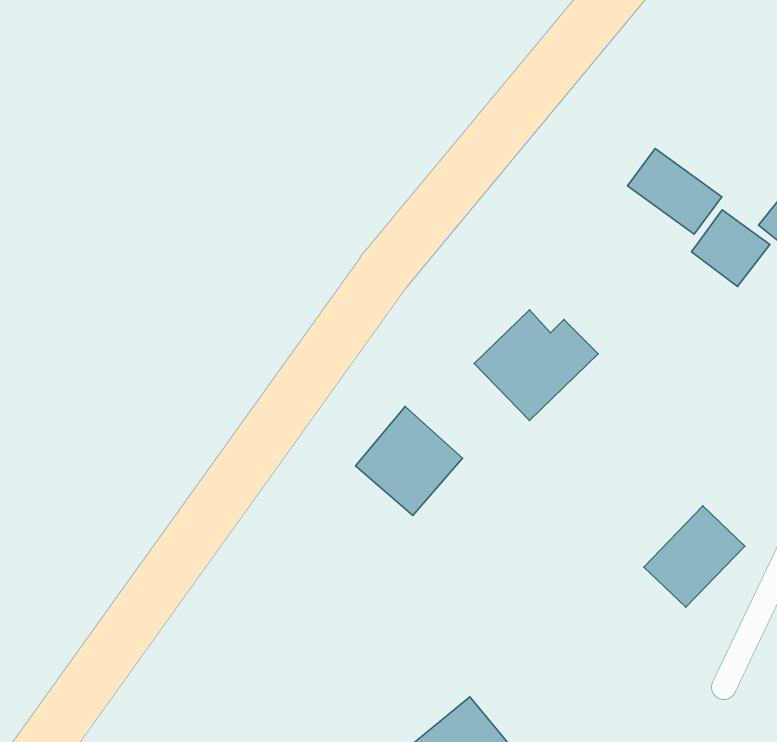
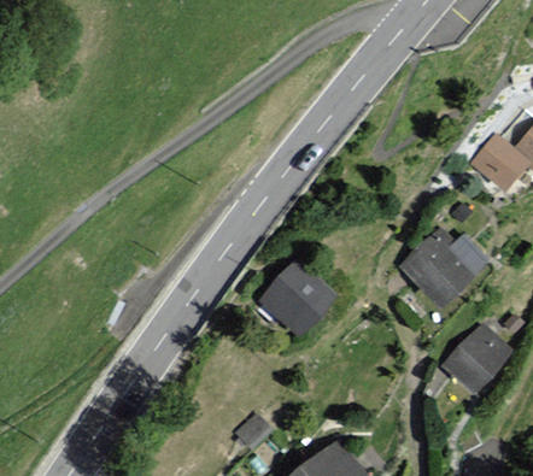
building: [628,148,722,234] -> none
building: [474,310,598,421] -> [405,231,484,301]

